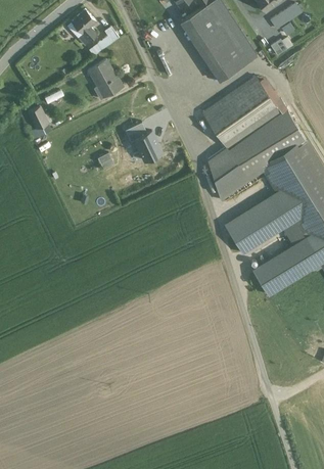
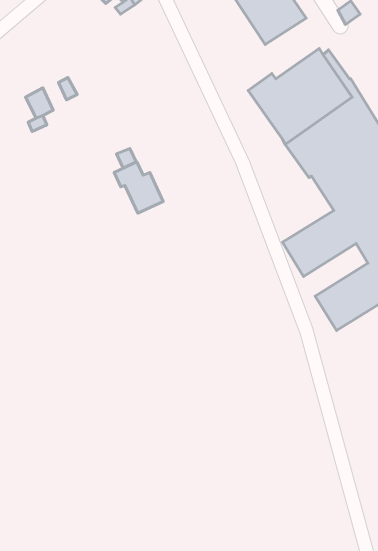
building: [89,60,125,96] -> none
building: [126,123,164,162] -> [114,162,163,213]
building: [209,147,248,196] -> none

